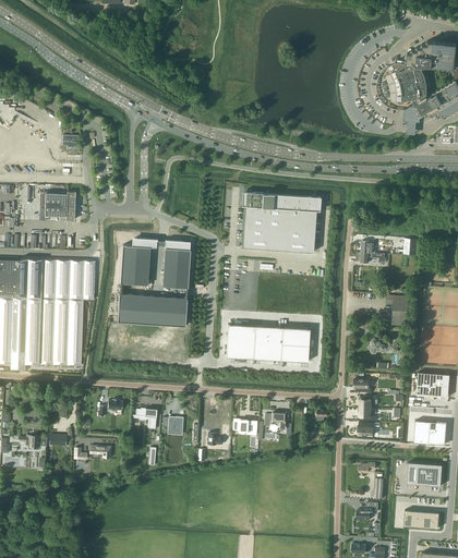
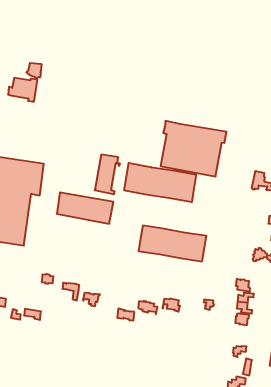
building: [40,192,75,220] -> [8,78,37,102]
building: [120,239,157,286] -> none
building: none -> [124,163,196,202]

